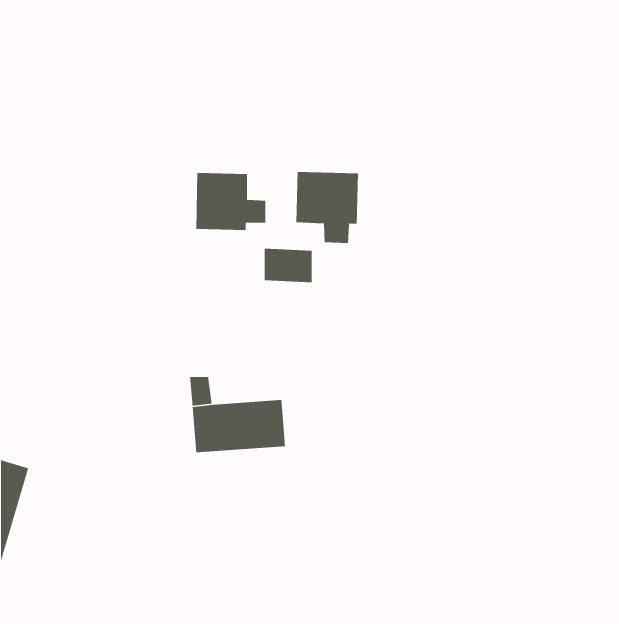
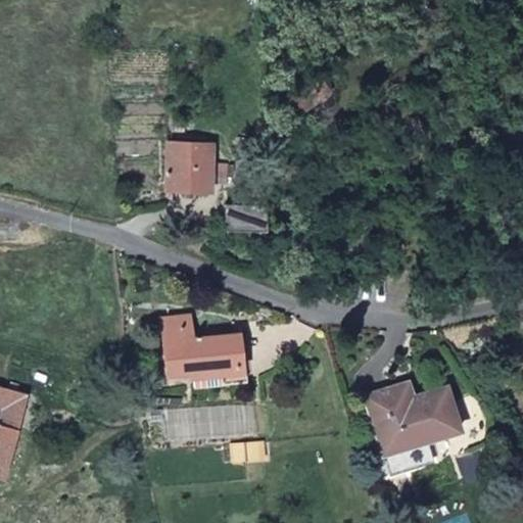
building: [296,171,359,244] -> none
building: none -> [364,383,466,455]

